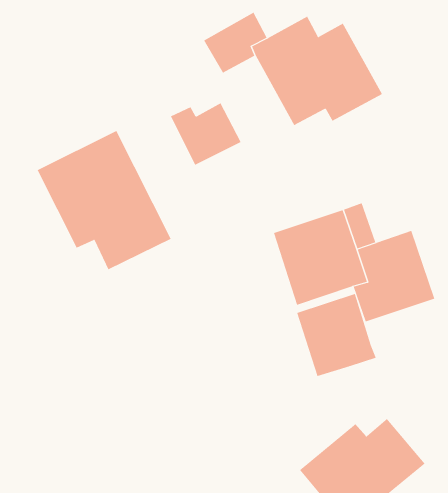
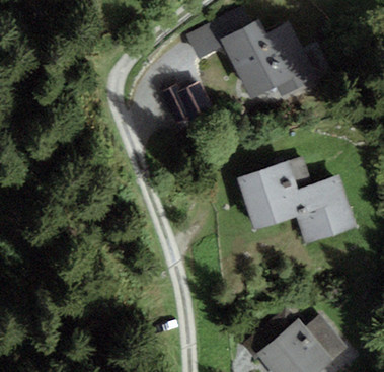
building: [37,130,171,270] -> none
building: [297,293,376,377] -> none

